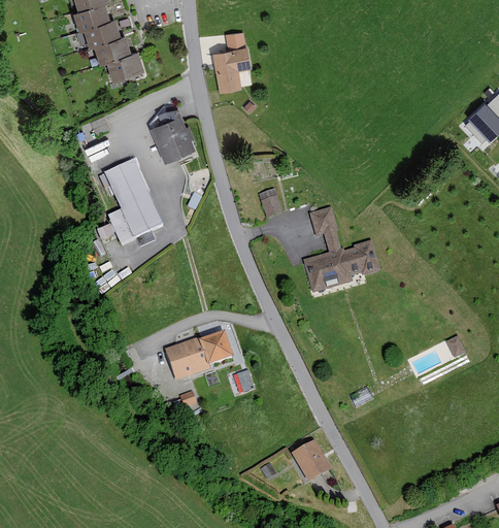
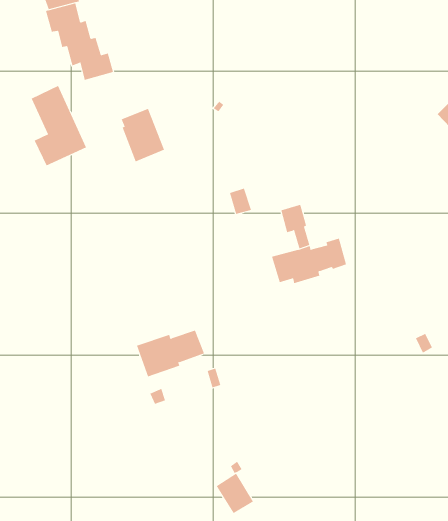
building: [212,32,252,93] -> none
building: [105,162,162,243] -> [31,85,87,166]
building: [293,441,331,483] -> [216,473,254,514]

